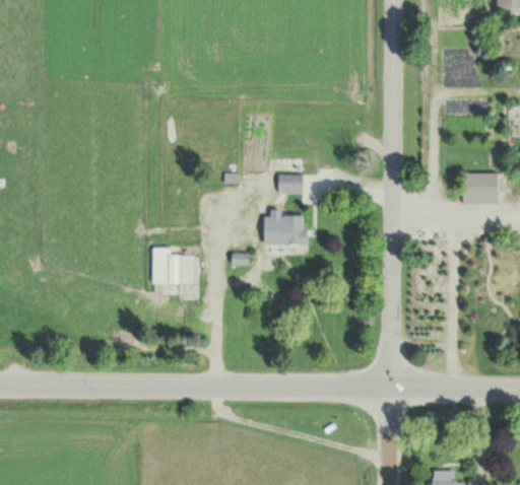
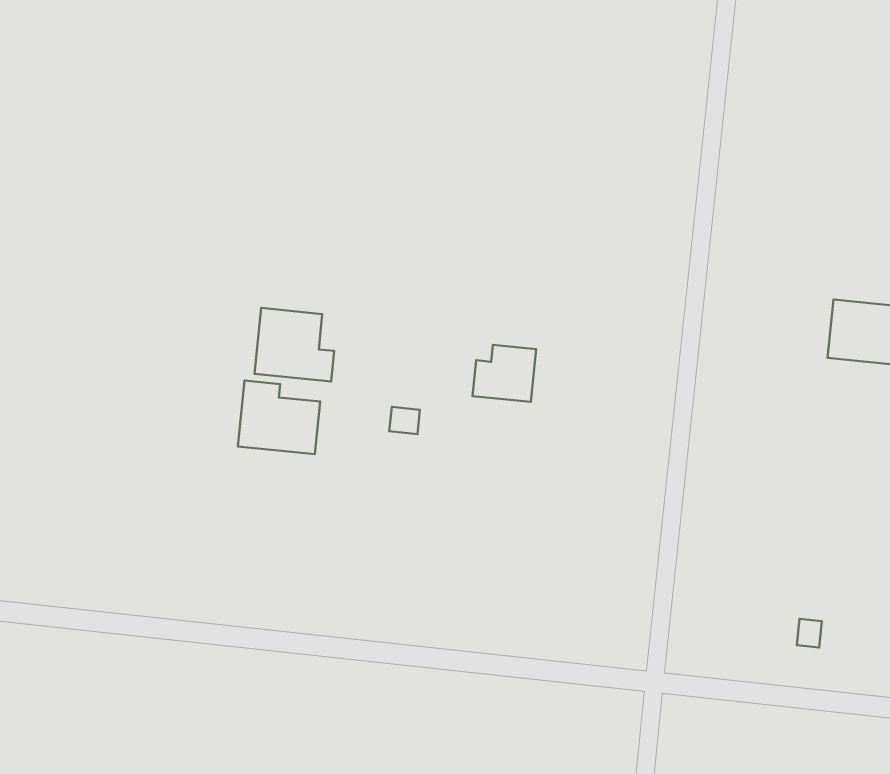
building: [277,175,303,194] -> none
building: none -> [254,308,334,382]

